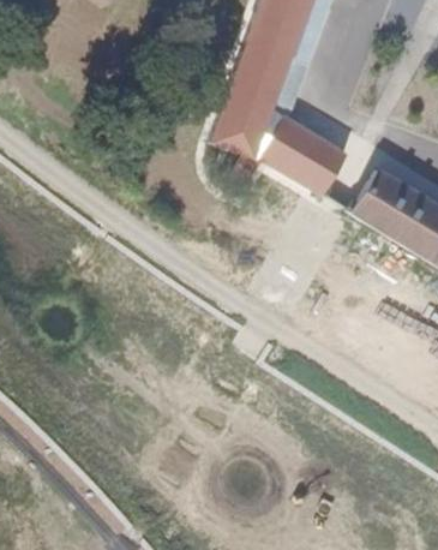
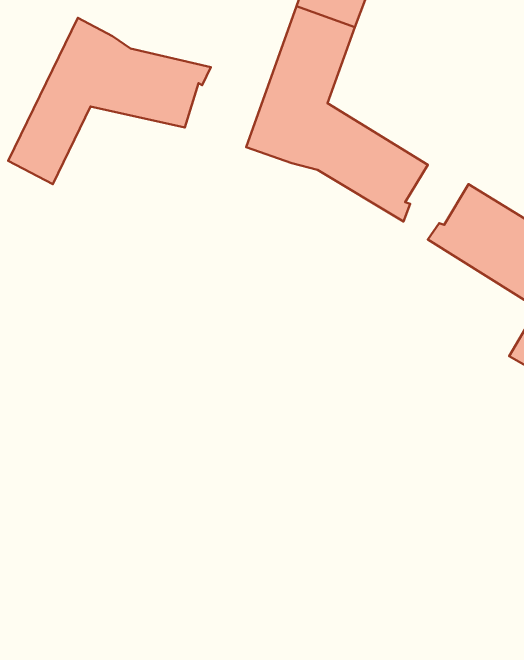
building: none -> [8,18,211,184]

